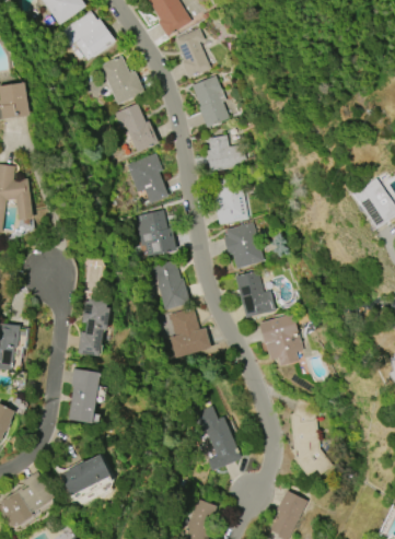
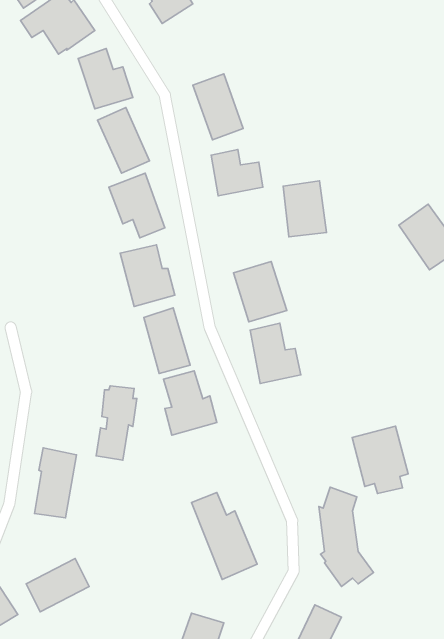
building: [173,28,211,78] -> none
building: [213,180,247,224] -> [283,181,327,237]
building: [78,298,109,356] -> [96,386,137,460]
building: [259,314,303,366] -> [352,426,408,493]

